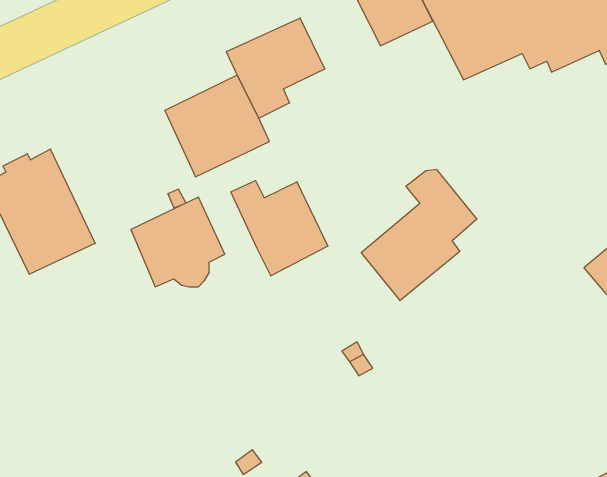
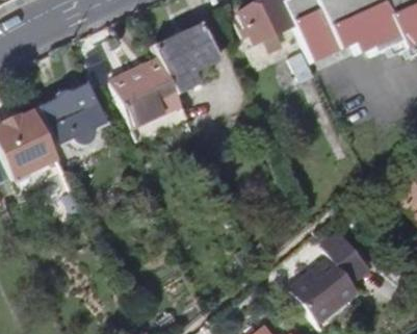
building: [361,169,477,301] -> [291,232,369,320]
building: [231,181,328,276] -> none
building: [131,197,225,287] -> [46,86,109,147]

